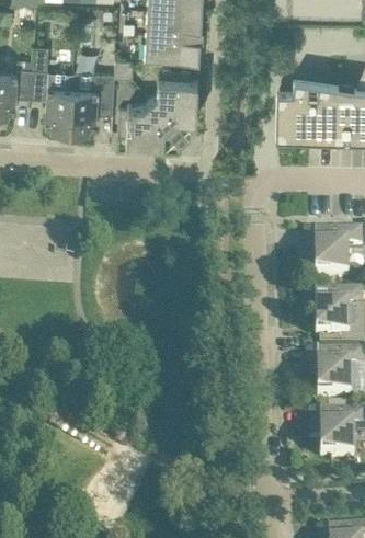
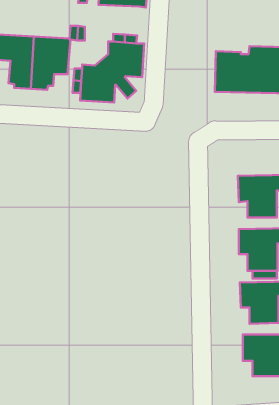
building: [146,35,202,64] -> none

